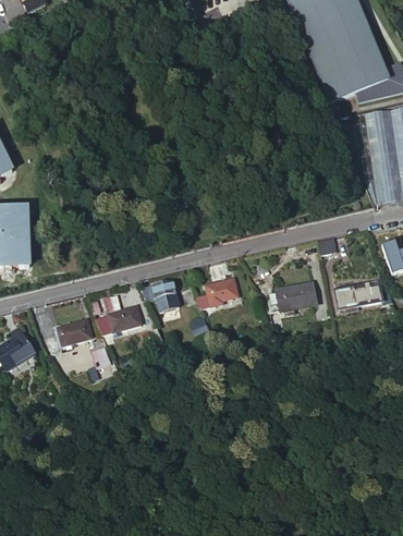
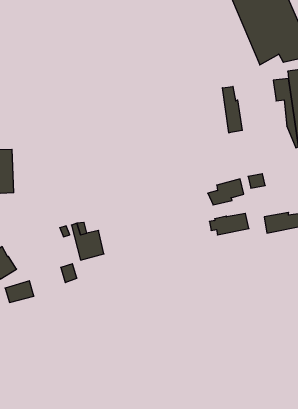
building: none -> [222,86,242,133]
building: [195,277,239,308] -> [208,179,244,205]
building: [142,280,180,312] -> none
building: [58,319,93,345] -> [5,281,34,302]

